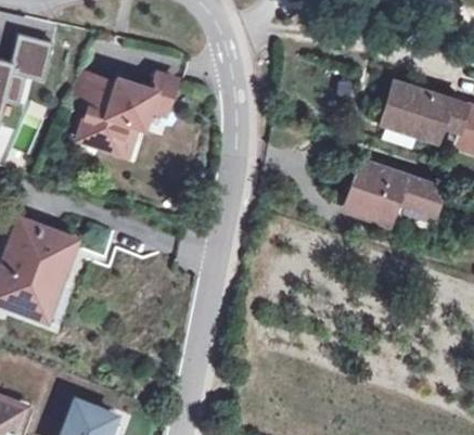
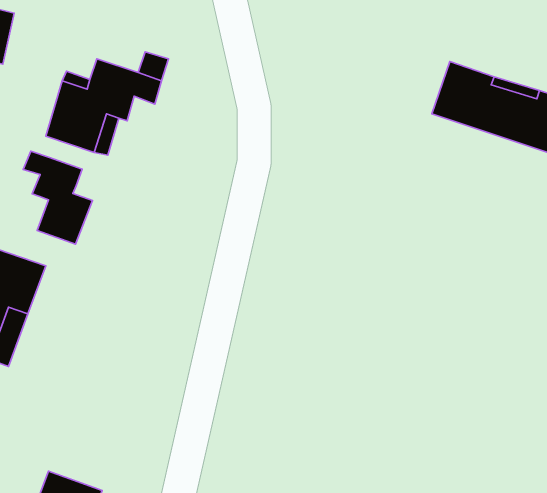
building: none -> [23,151,93,244]
building: [345,161,440,220] -> none

